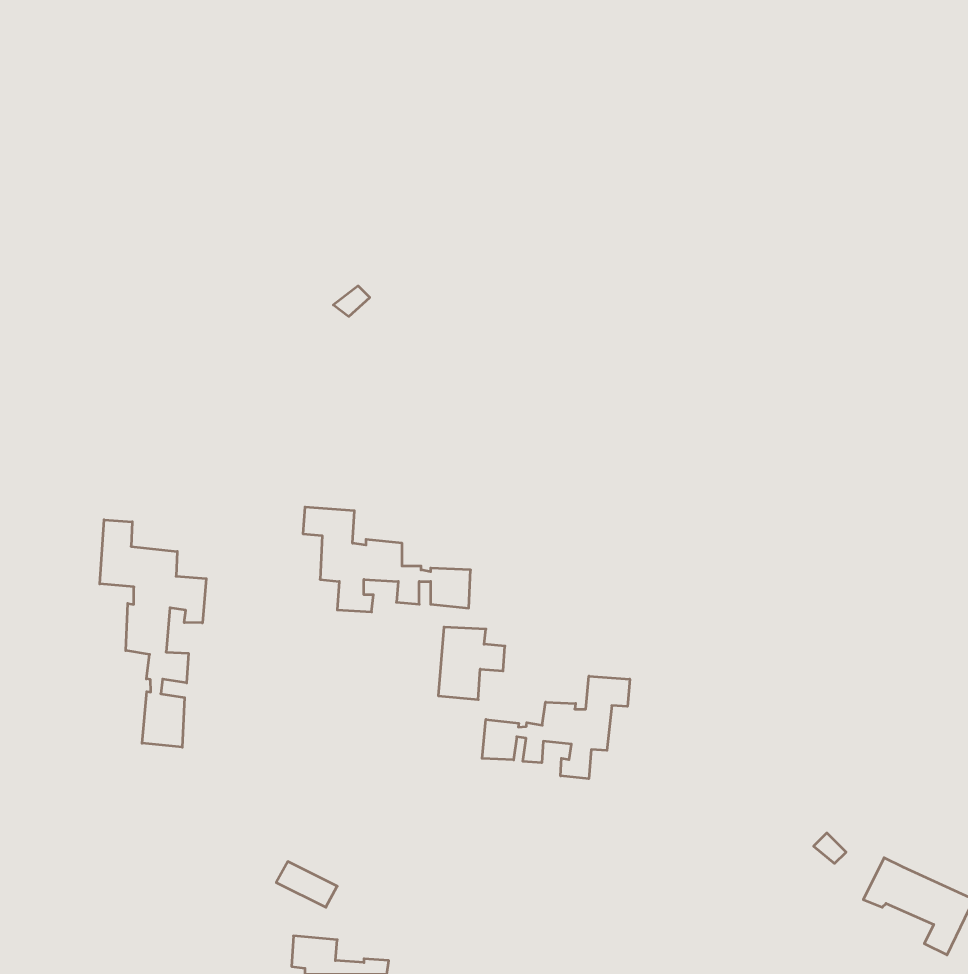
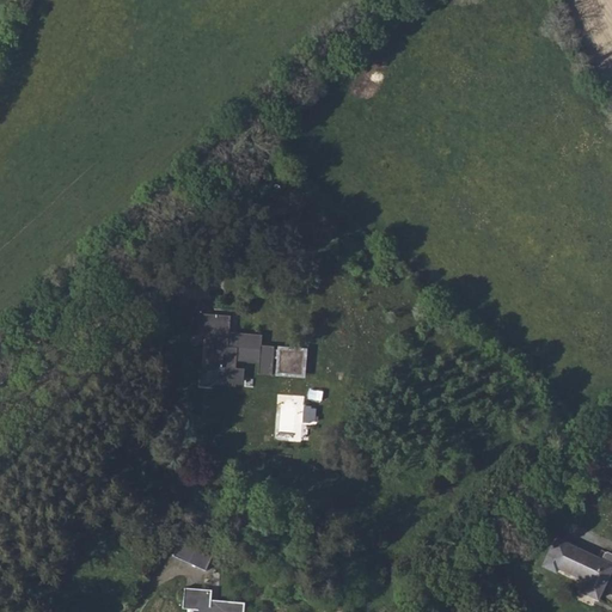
building: [100,520,206,747] -> none
building: [482,676,630,779] -> none

